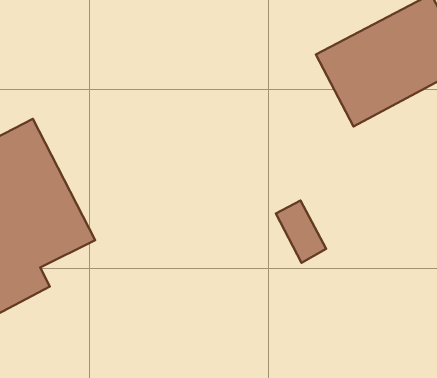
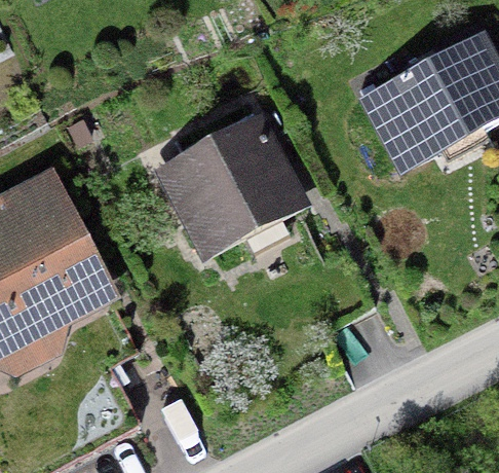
building: none -> [154,111,311,260]

